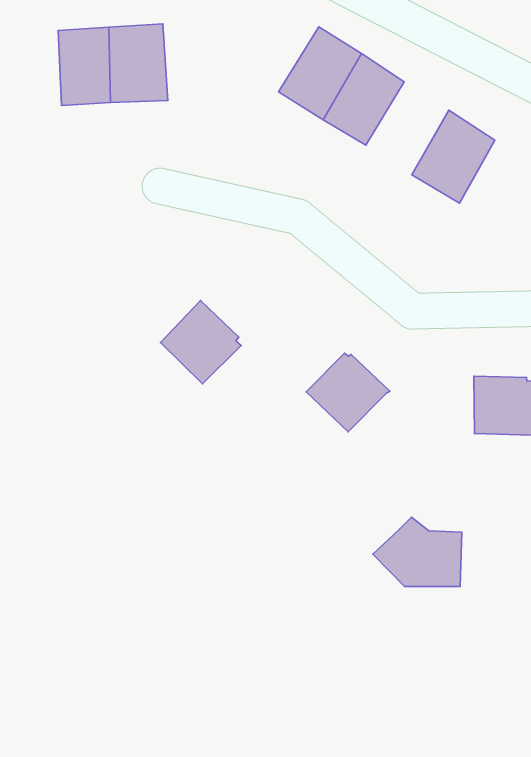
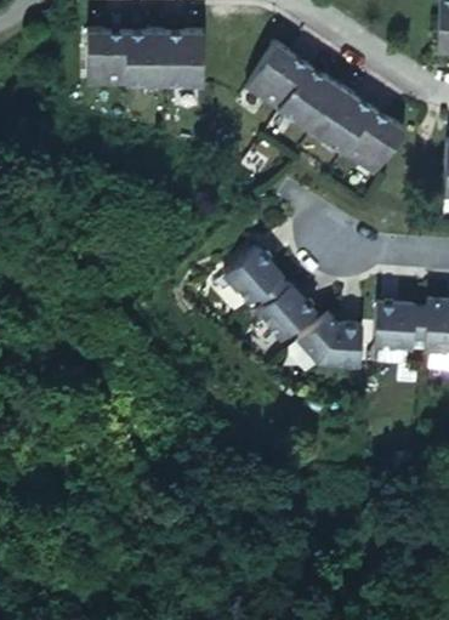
building: none -> [164,29,205,86]
building: none -> [308,84,371,153]
building: [161,300,241,384] -> [223,246,283,308]
building: [373,517,462,587] -> [297,313,364,366]

